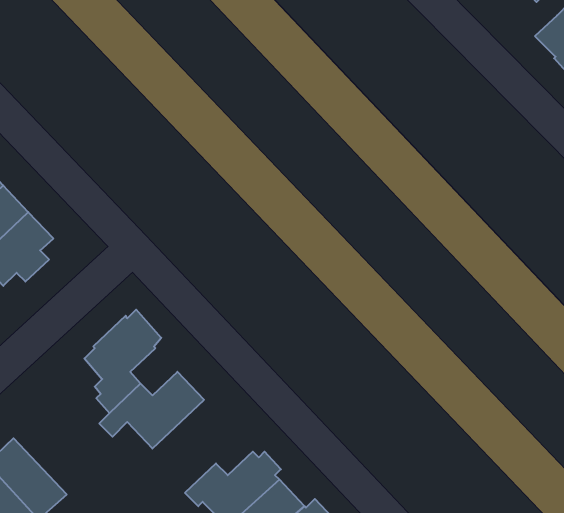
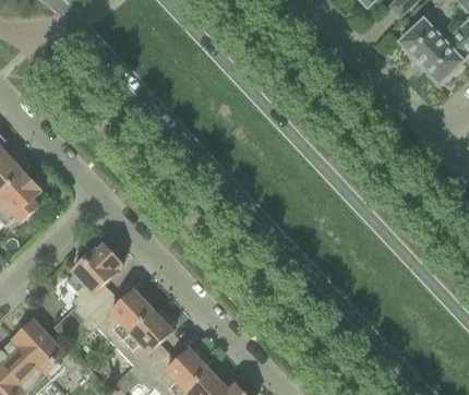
building: none -> [116,308,173,378]
building: none -> [13,318,84,379]

